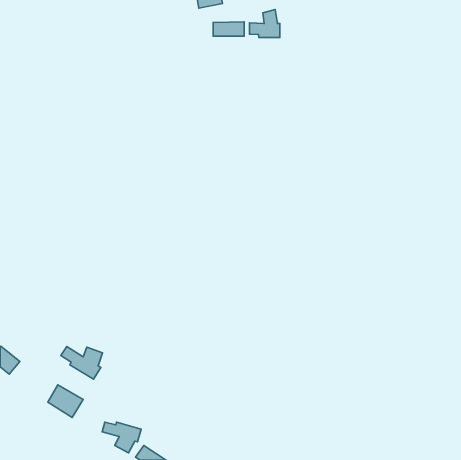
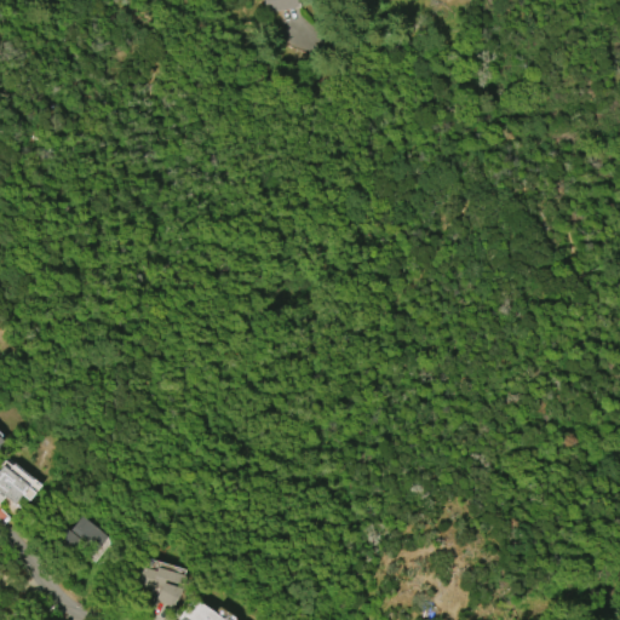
building: [249,9,280,38] -> none
building: [61,346,103,379] -> none

